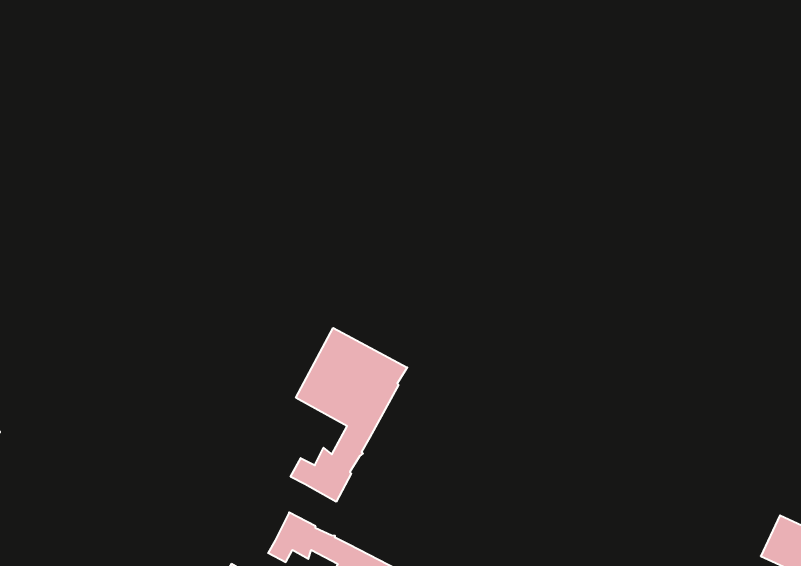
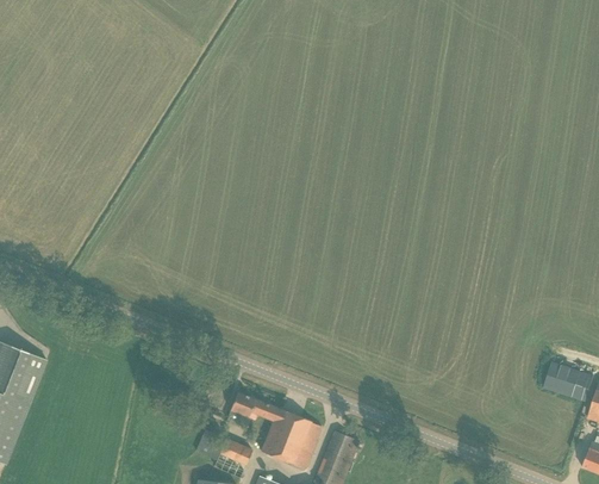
building: [291,328,407,502] -> none

